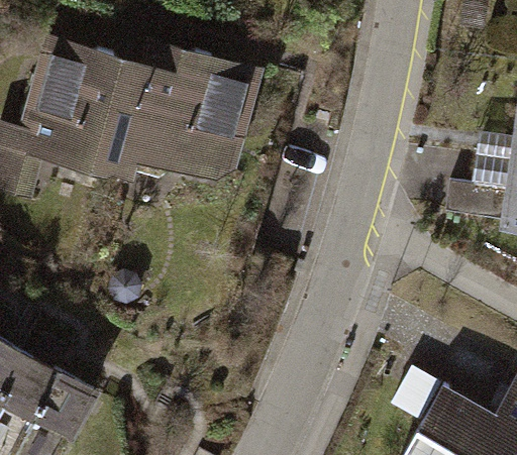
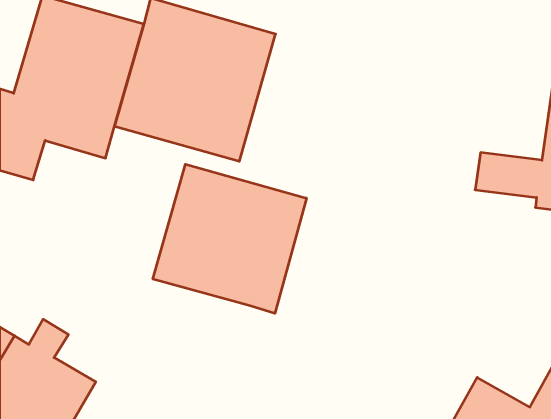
building: none -> [153,164,306,313]

